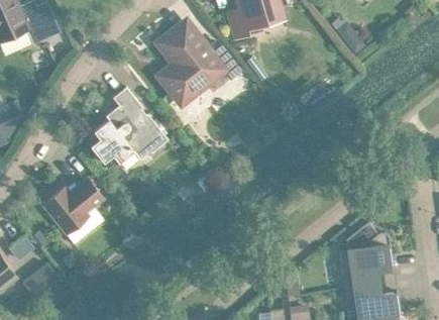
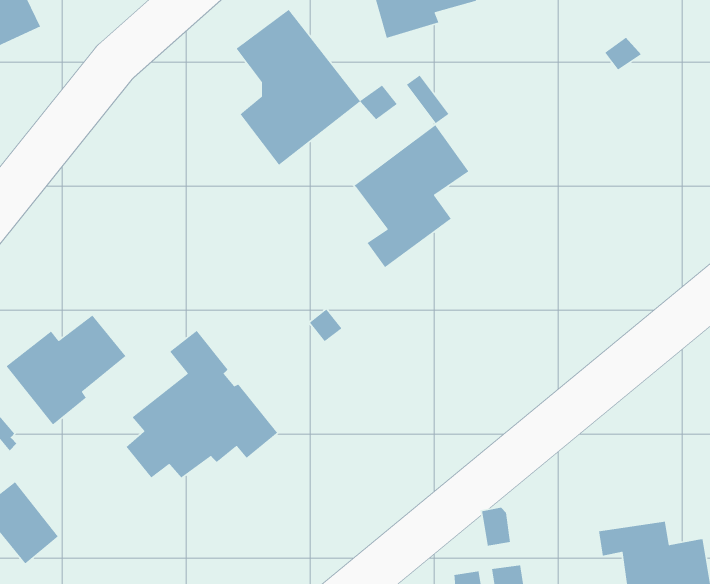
building: none -> [353,124,469,268]
building: [90,87,168,163] -> [126,330,278,479]
building: [338,232,394,288] -> none

